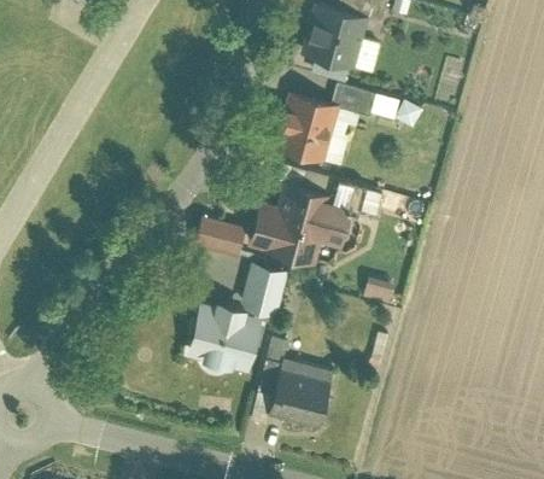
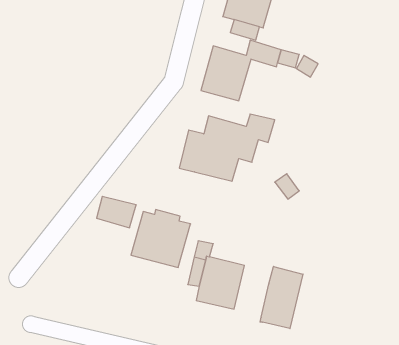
building: [197,218,247,258] -> [97,196,136,228]
building: [242,264,291,316] -> none
building: none -> [260,266,303,329]

